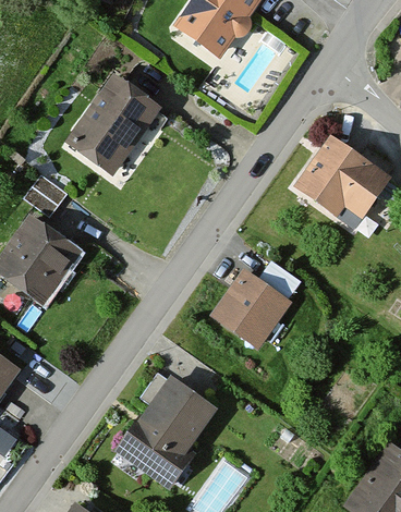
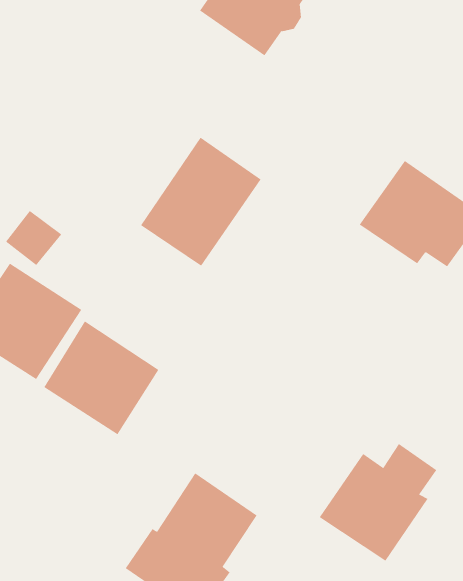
building: [66,74,159,173] -> [140,137,261,267]
building: none -> [44,321,159,435]
building: [210,261,301,352] -> [319,443,437,561]

